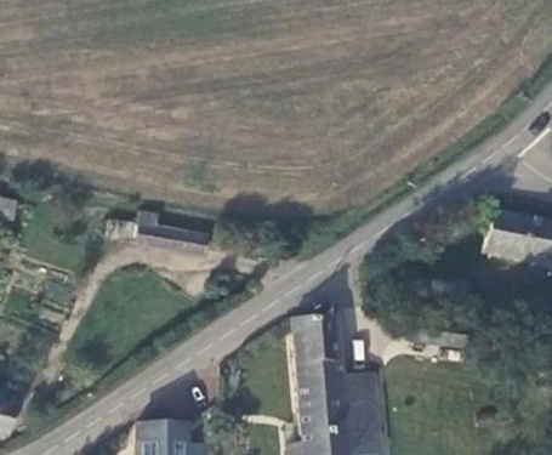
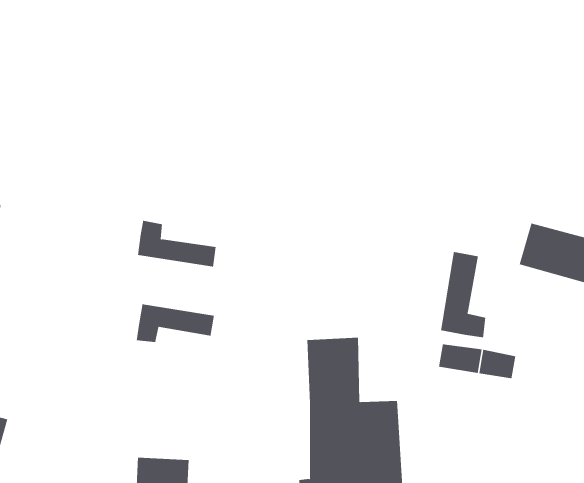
building: none -> [440,251,486,338]
building: none -> [136,304,215,343]

